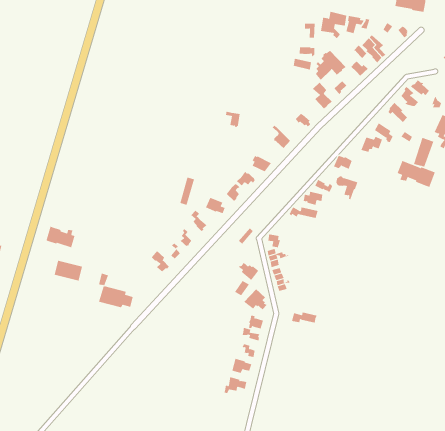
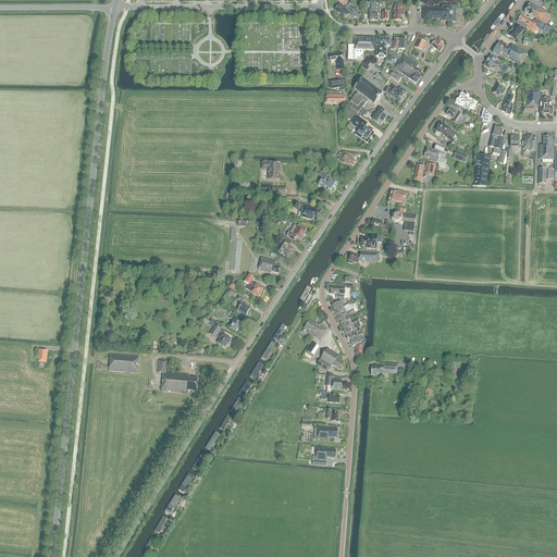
building: [397,160,435,188] -> none
building: [46,226,75,248] -> none

